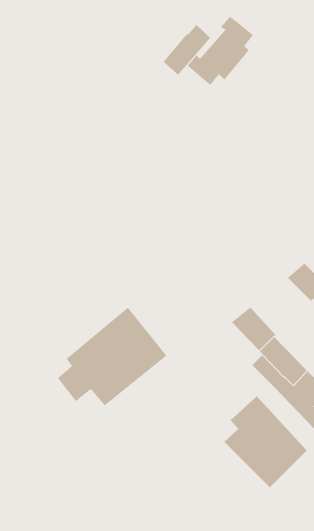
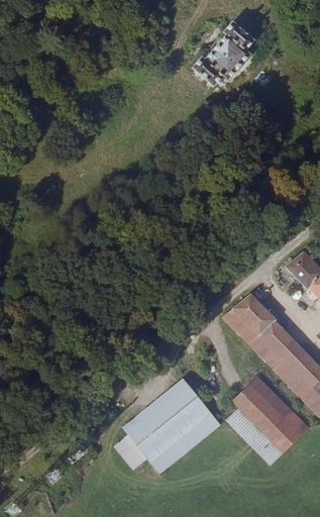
building: [163,24,211,76] -> none
building: [57,307,167,406] -> [116,379,219,472]
building: none -> [223,307,263,347]

